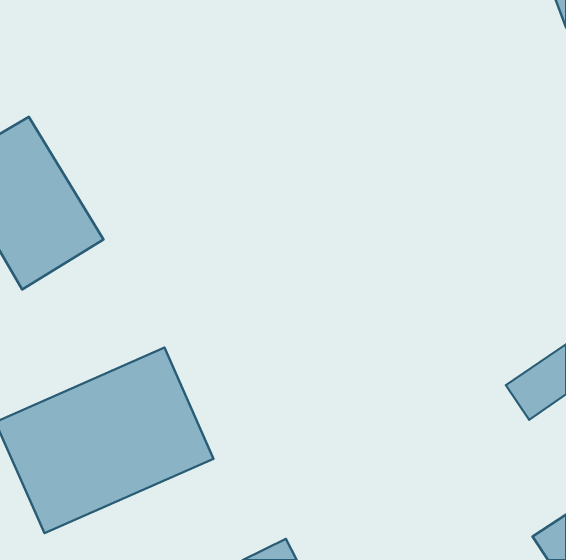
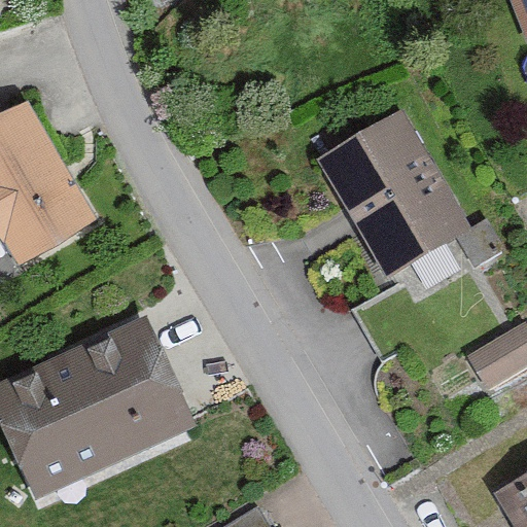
building: none -> [316,112,500,279]

